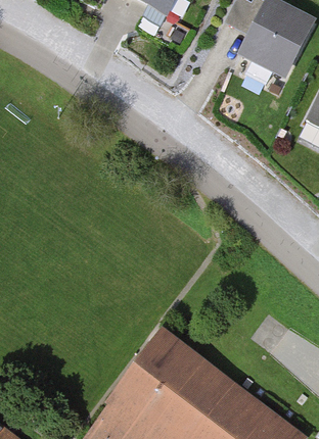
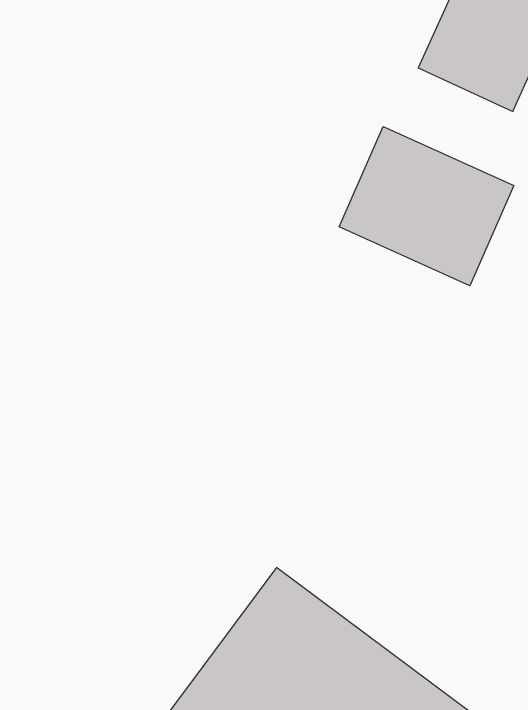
building: none -> [339,127,514,286]

